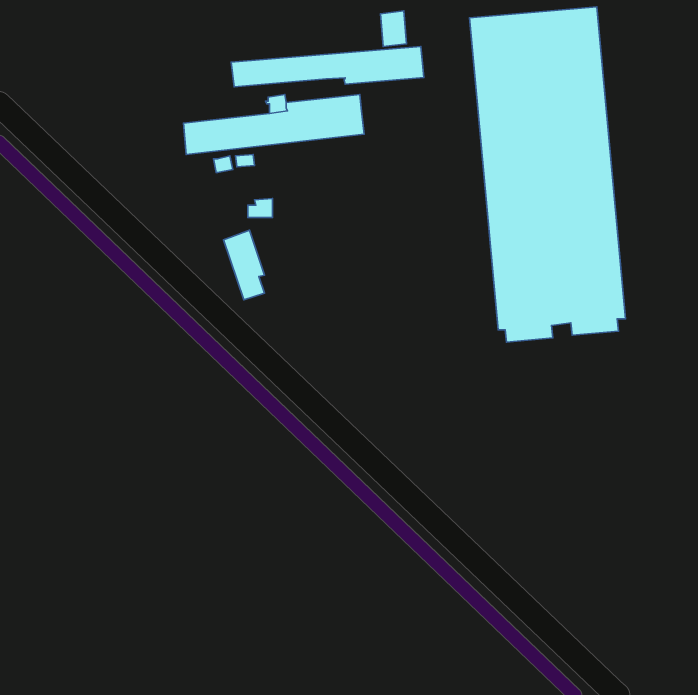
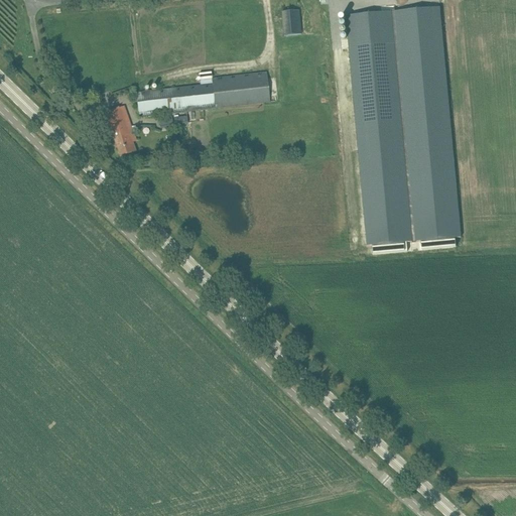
building: [231,47,424,87] -> none
building: [223,230,264,300] -> [104,103,134,154]

